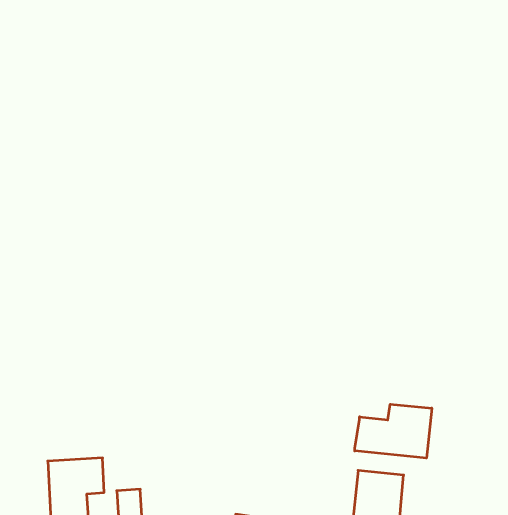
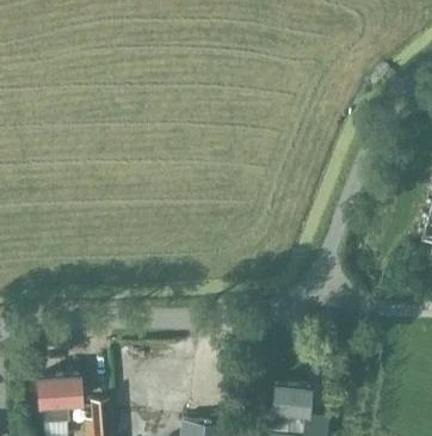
building: [355,404,432,458] -> none

